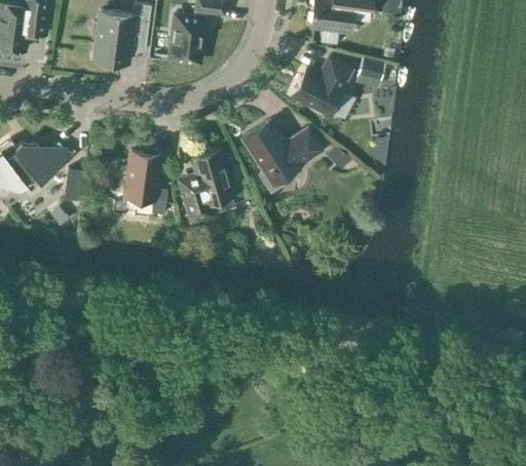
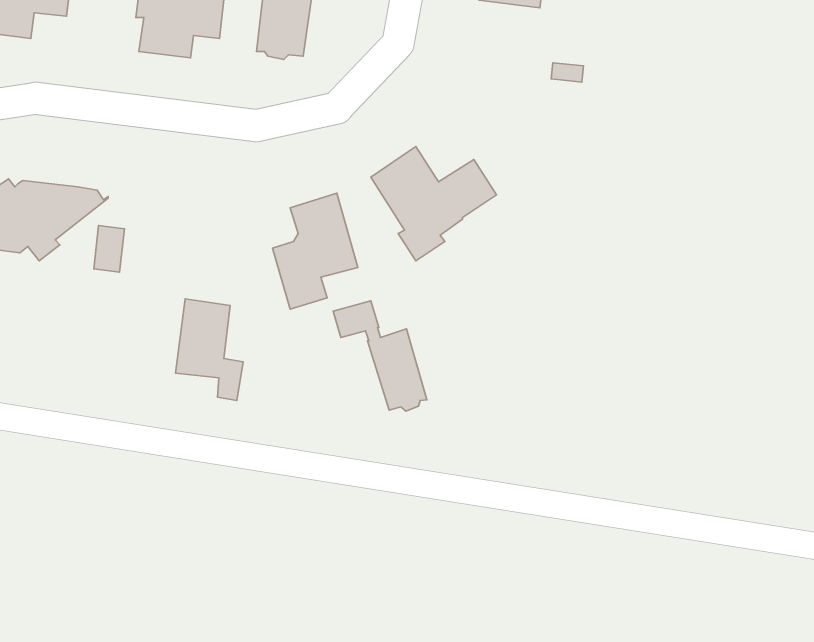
building: [291,57,350,116] -> none
building: [124,150,167,215] -> [176,299,243,400]
building: none -> [333,301,427,411]

